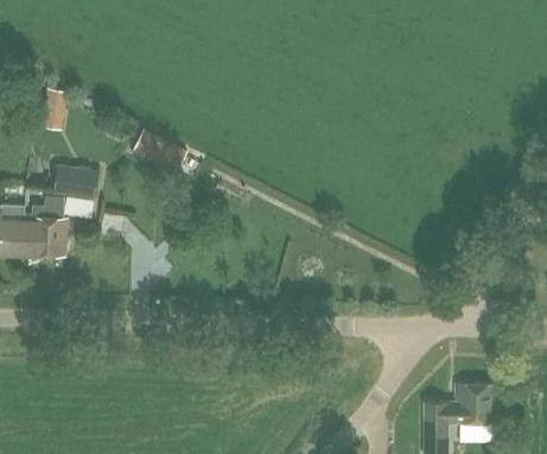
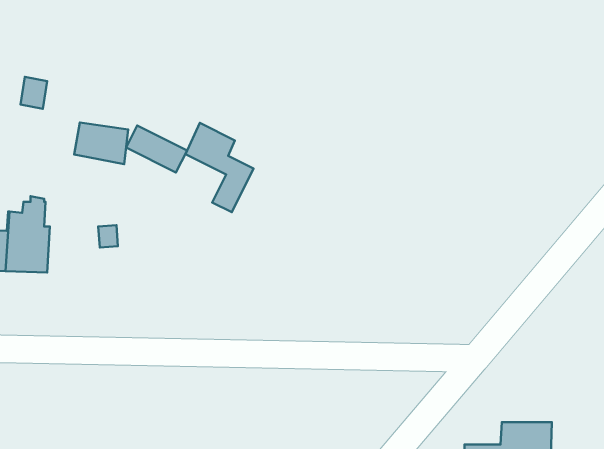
building: none -> [185,123,254,212]
building: [51,164,97,200] -> [74,123,128,164]

